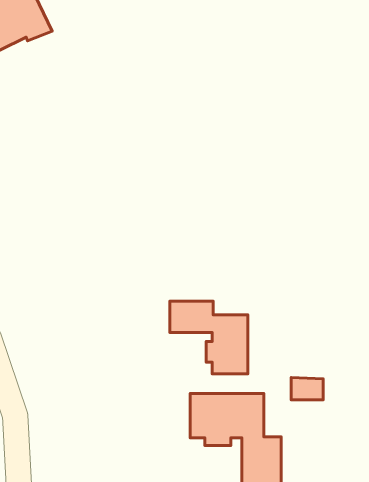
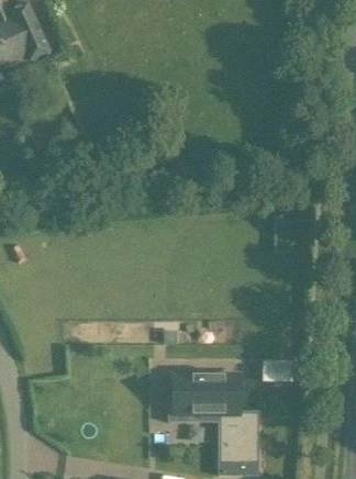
building: [170,301,248,374] -> none

